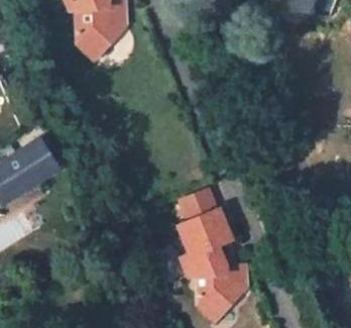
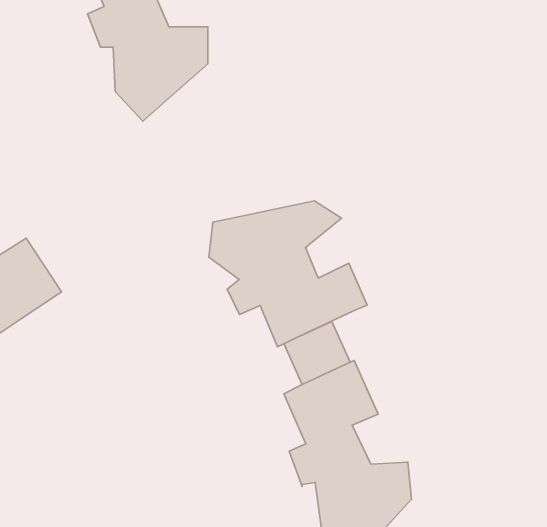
building: none -> [209,201,367,347]

